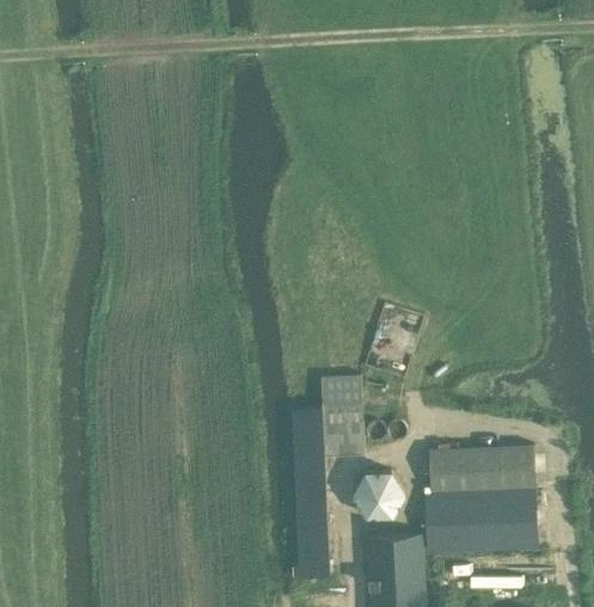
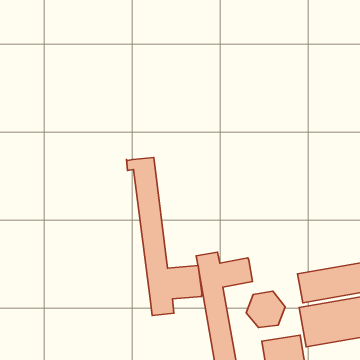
building: none -> [127,157,202,315]
building: [322,376,363,423] -> none

